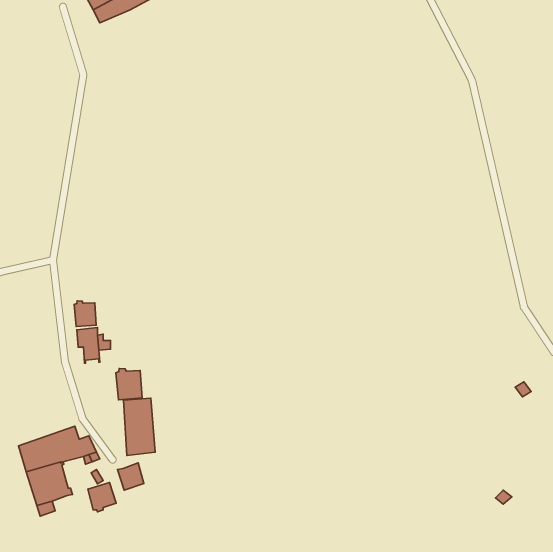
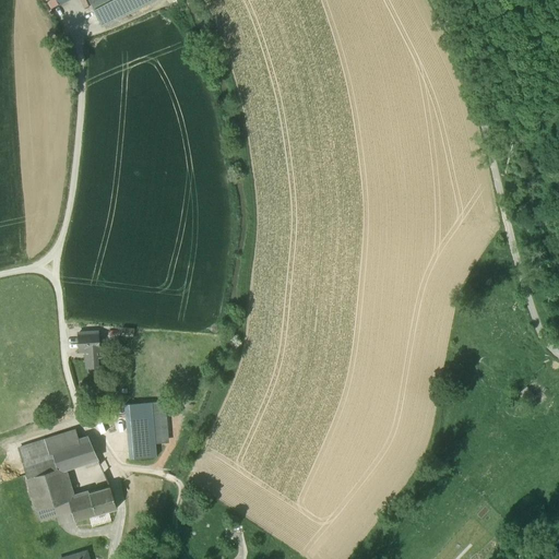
building: [74,301,96,326] -> none
building: [116,369,142,400] -> none
building: [118,463,144,490] -> [69,492,95,520]

